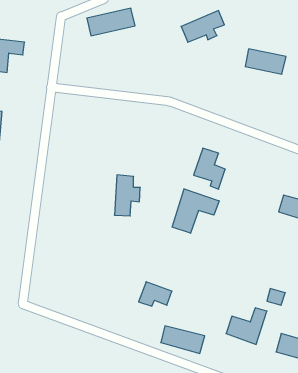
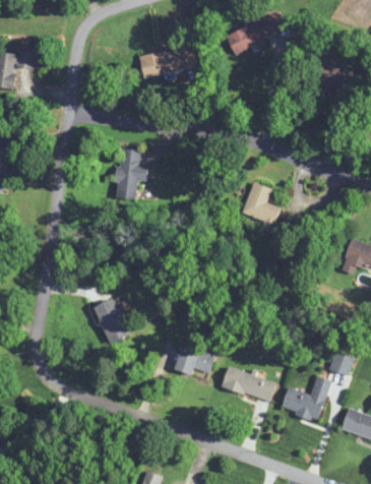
building: [87,8,135,36] -> [138,45,197,78]
building: [114,175,140,216] -> [116,148,147,198]
building: [172,189,219,233] -> none
building: none -> [94,298,130,344]
building: [161,326,205,353] -> [222,367,275,401]

